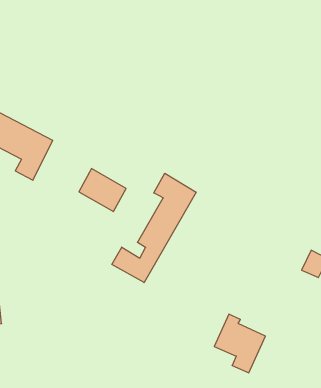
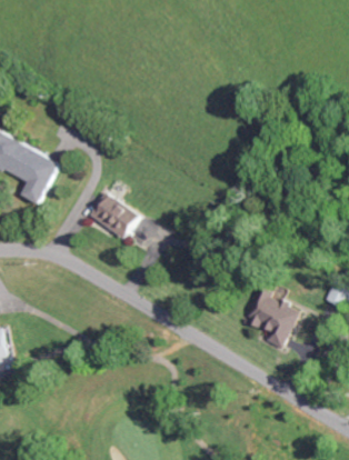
building: [112,173,196,283] -> none
building: [214,314,265,373] -> [246,287,300,349]

